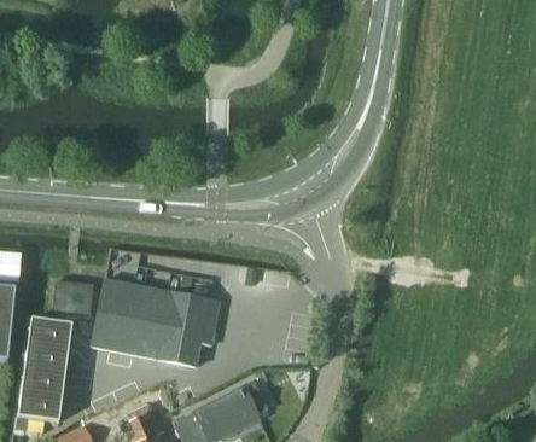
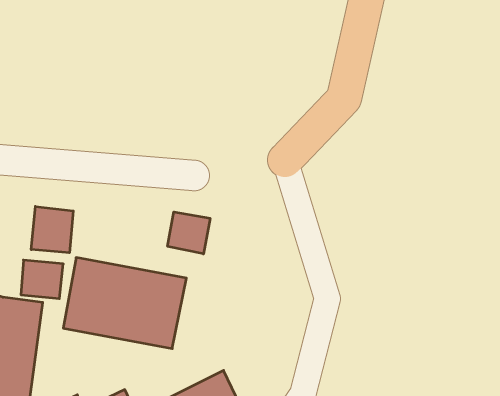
building: none -> [31,206,73,253]
building: none -> [168,212,210,254]

